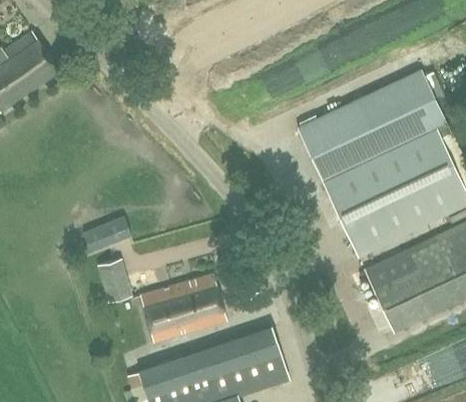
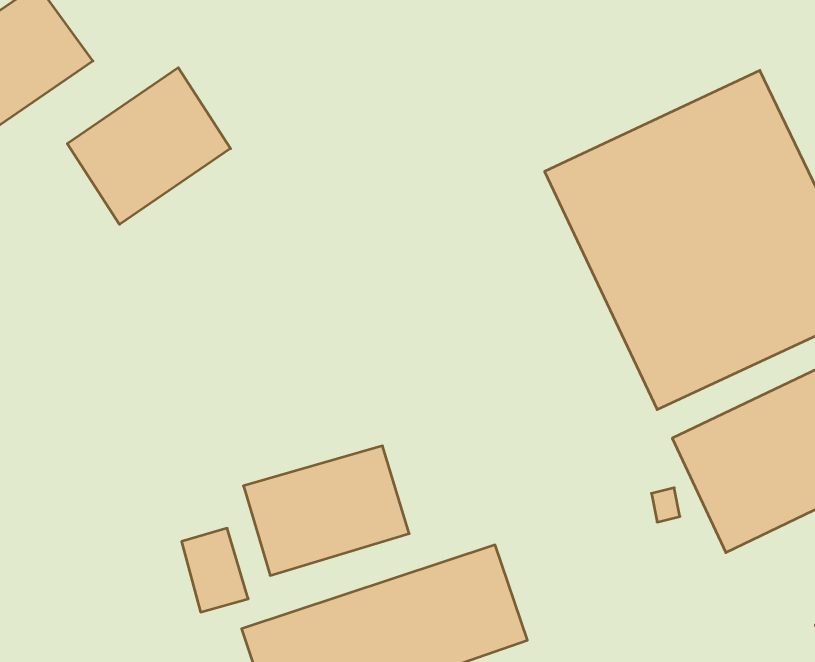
building: none -> [67,68,231,224]
building: [84,217,132,253] -> none
building: [98,259,133,303] -> [182,528,248,612]

